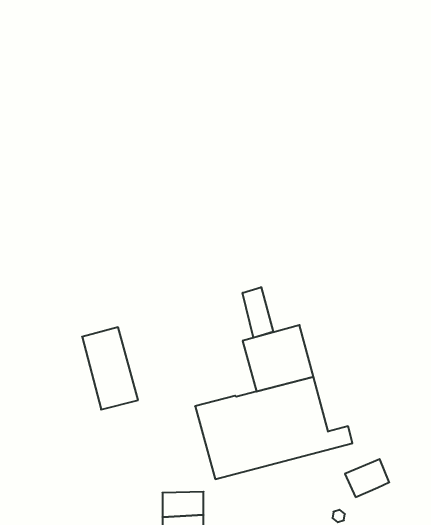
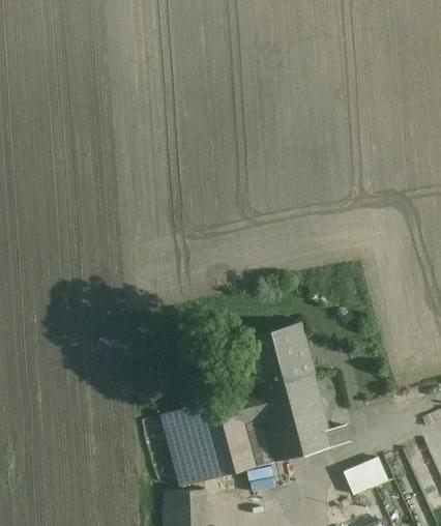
building: [243,287,273,338] -> none
building: [82,327,138,410] -> [161,406,216,487]

